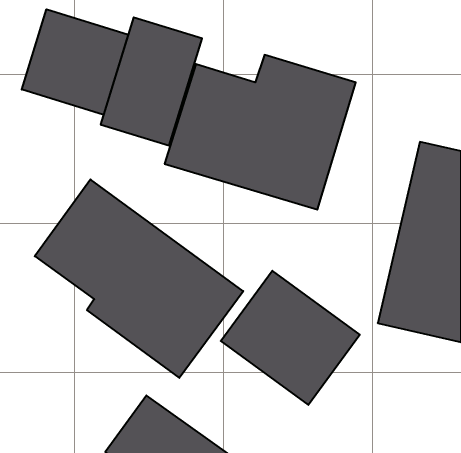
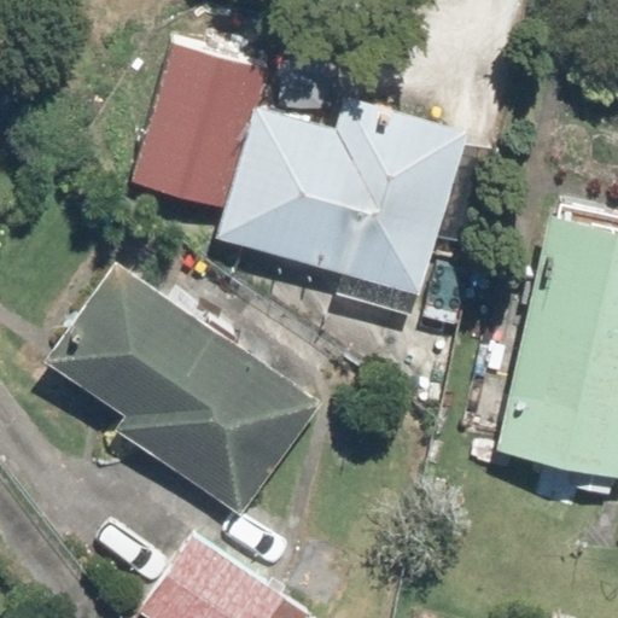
building: [22,9,128,115] -> none
building: [221,271,360,405] -> none

